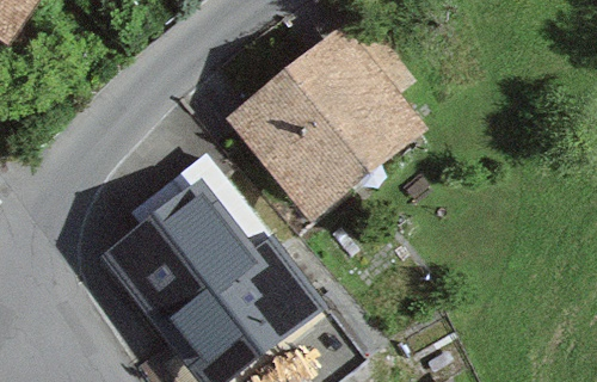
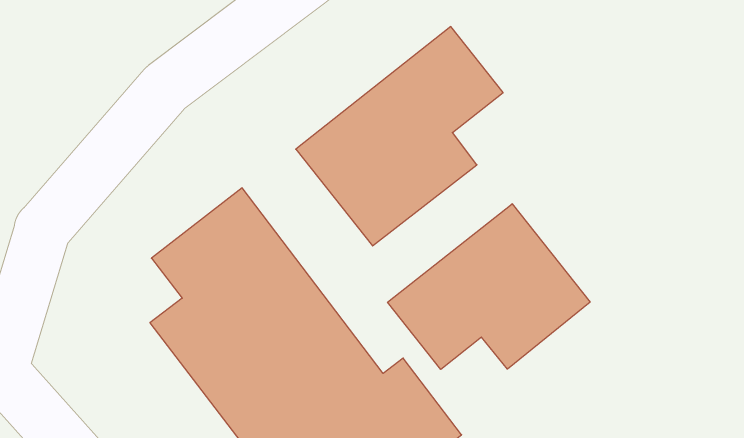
building: none -> [388,204,590,369]

